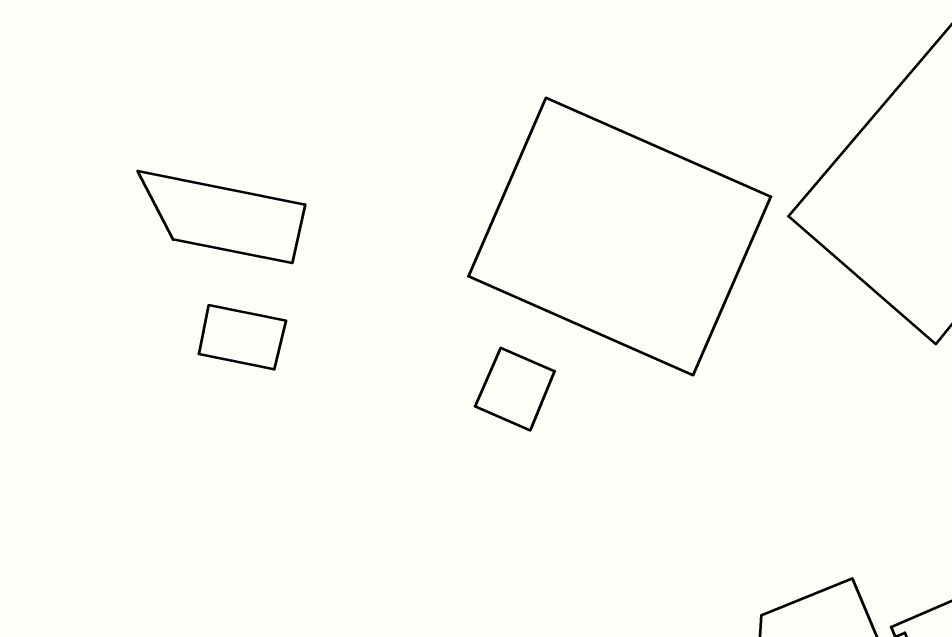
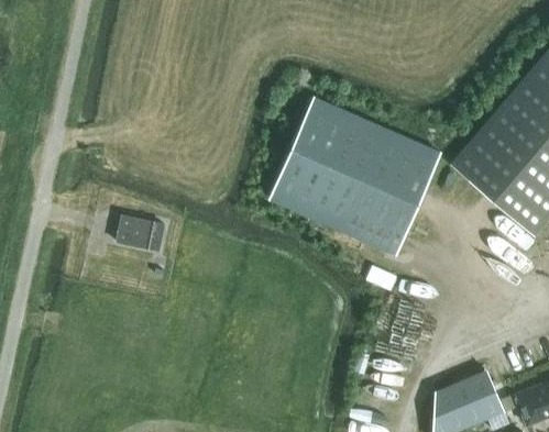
building: [138,171,305,263] -> none
building: [475,348,555,430] -> none

